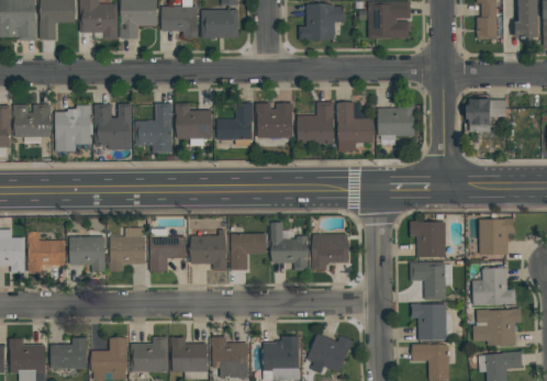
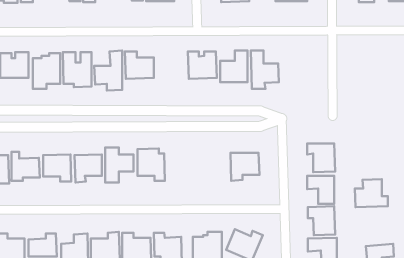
building: [466,99,505,131] -> none
building: [377,100,414,136] -> none
building: [216,102,253,141] -> none
building: [478,220,514,256] -> none
building: [271,223,308,270] -> none
building: [231,233,267,270] -> none
building: [473,310,521,346] -> none

